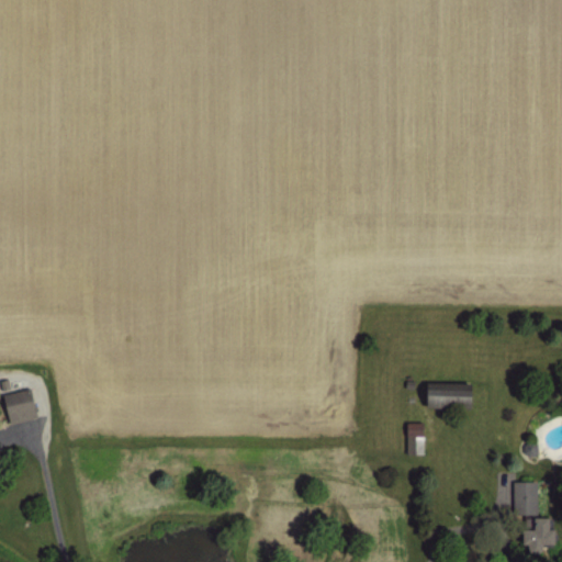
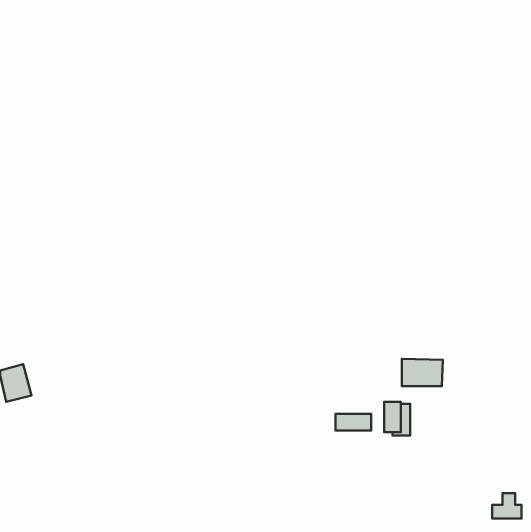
building: none -> [335,414,371,430]
building: [515,483,538,517] -> none

